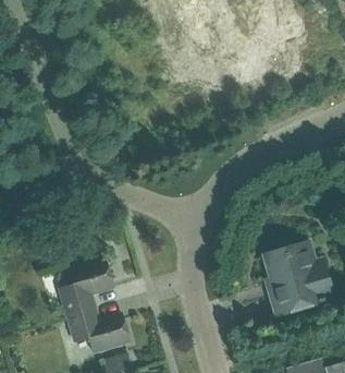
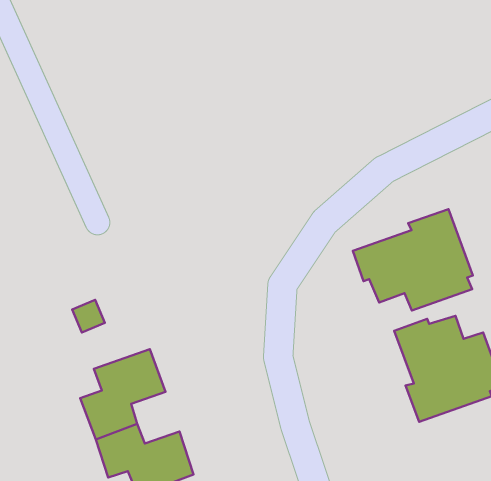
building: none -> [353,209,473,311]

